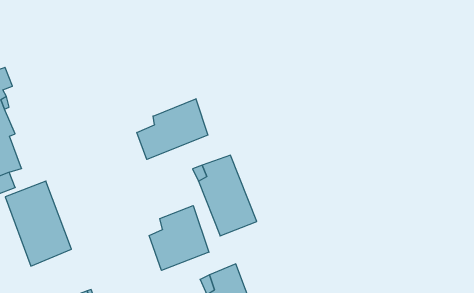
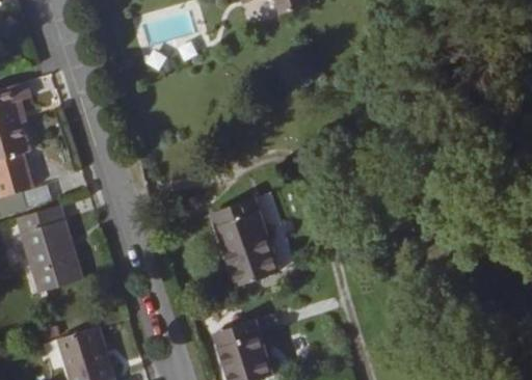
building: [137,99,208,159] -> none
building: [149,206,209,270] -> none

